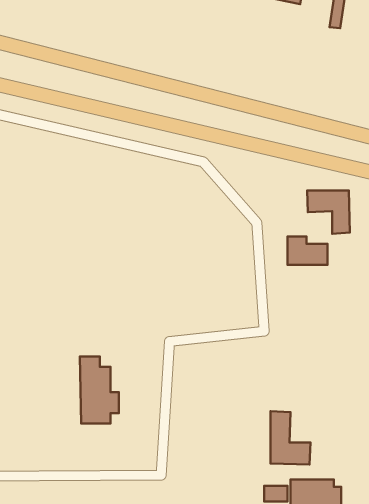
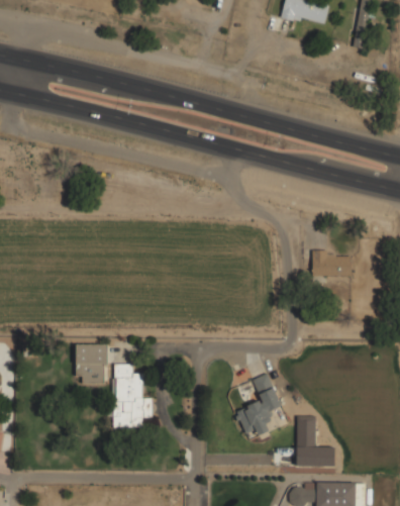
building: [307,191,350,234] -> none
building: none -> [75,344,106,384]
building: none -> [235,374,280,435]

